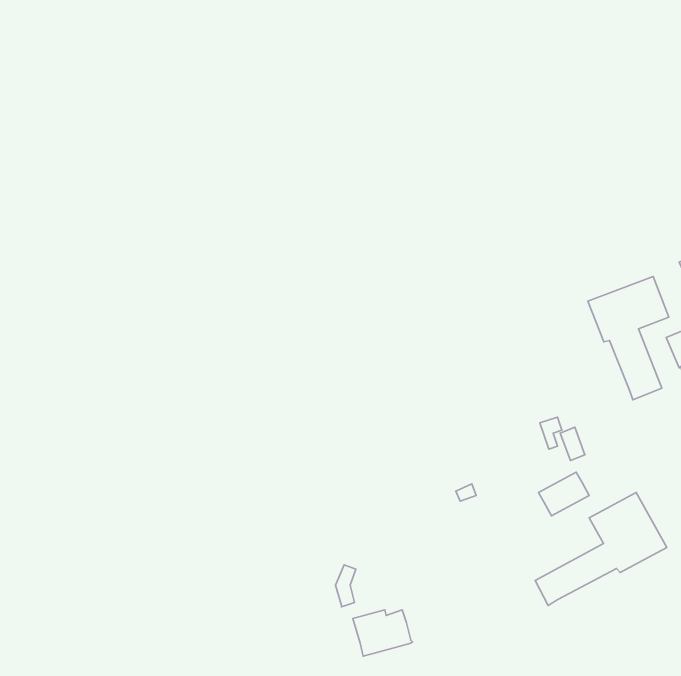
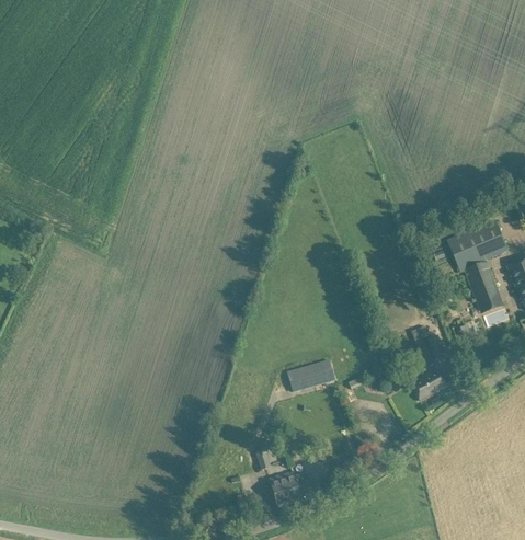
building: none -> [287,359,335,392]
building: [535,493,667,605] -> none

